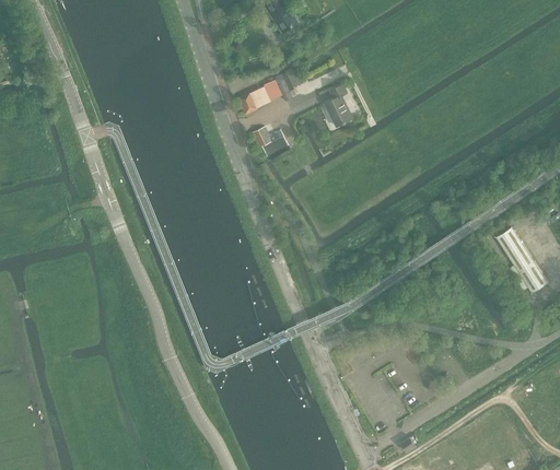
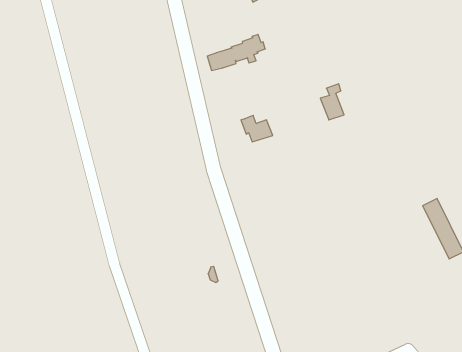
building: [324,85,352,127] -> [320,84,344,120]
building: [250,127,288,156] -> [241,115,273,142]

